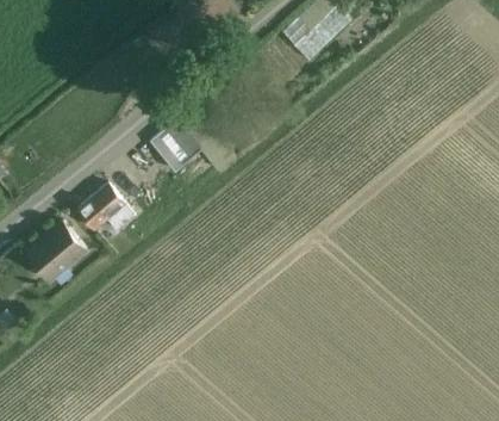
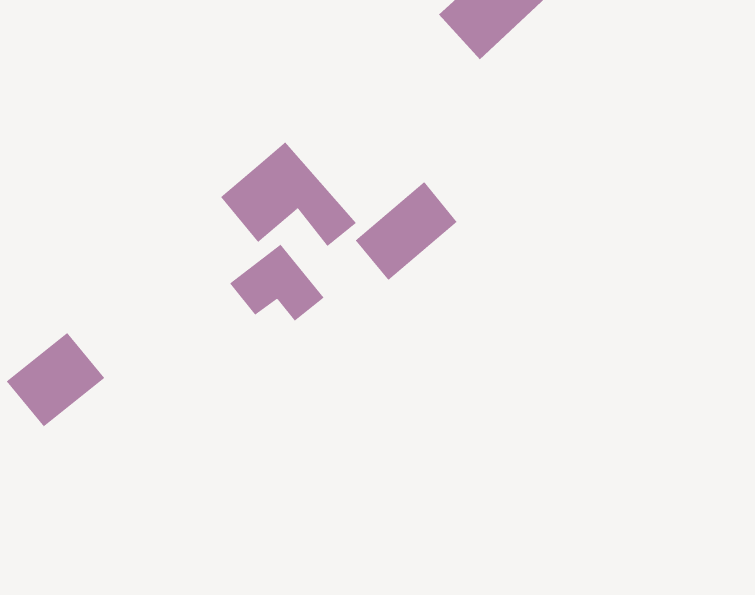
building: none -> [355,181,458,281]
building: [76,185,133,231] -> [229,244,324,321]

